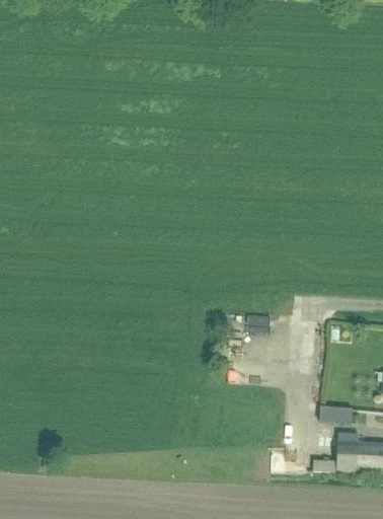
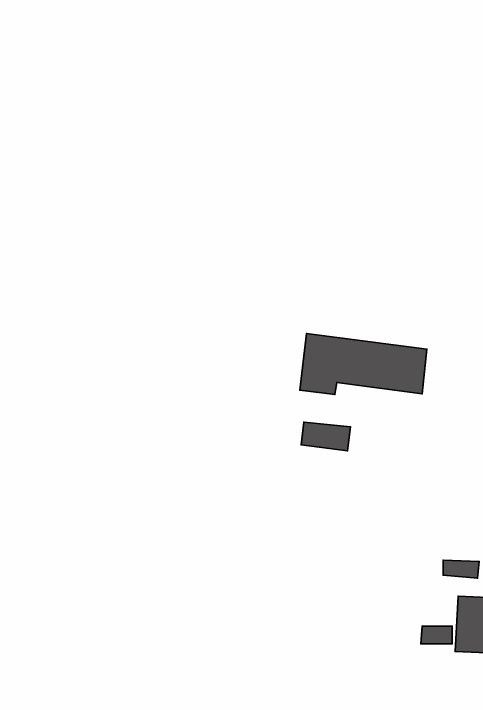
building: none -> [300,333,427,395]

